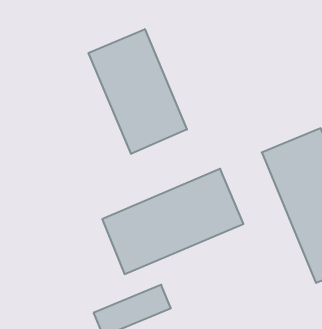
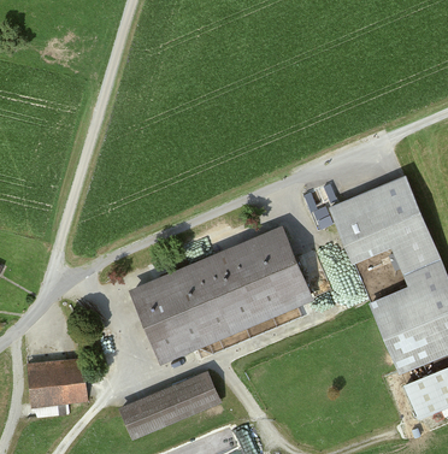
building: [88,29,187,154] -> none
building: none -> [29,359,86,403]

